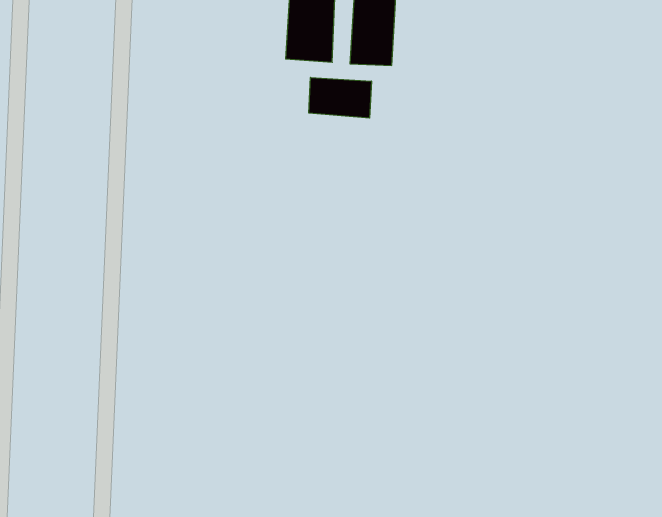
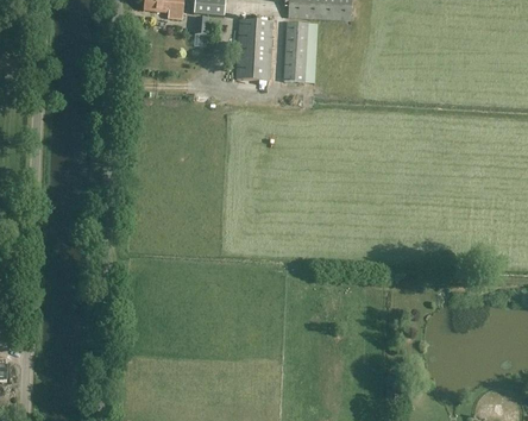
building: [309,77,371,118] -> none

